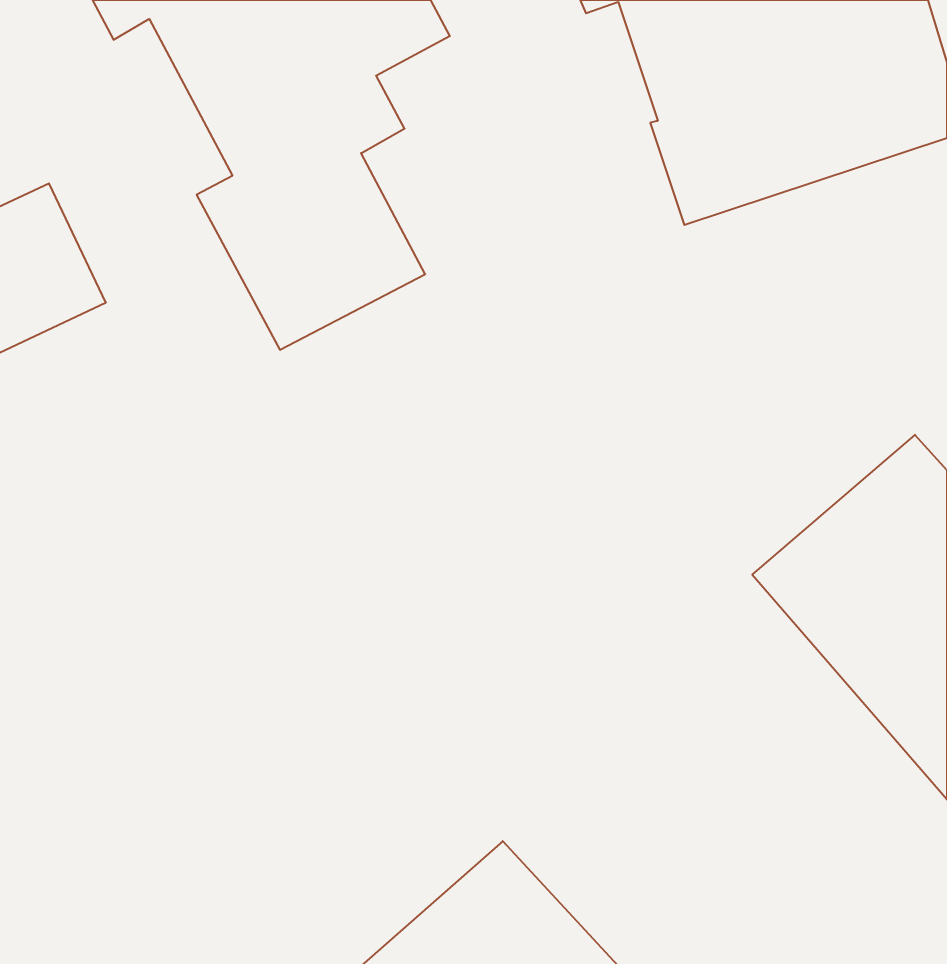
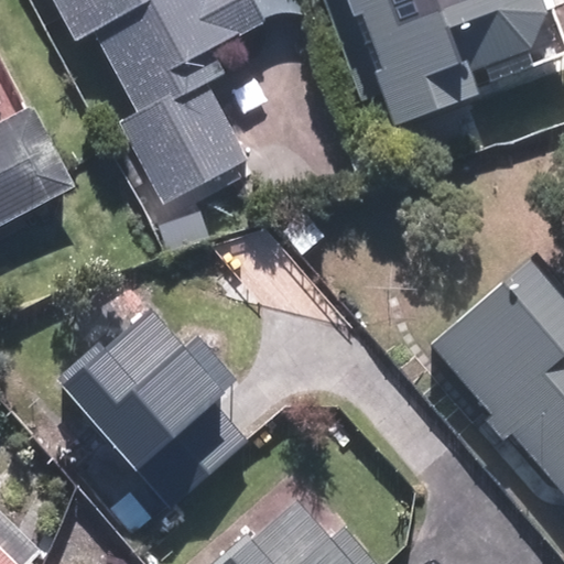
building: none -> [63,302,252,498]

